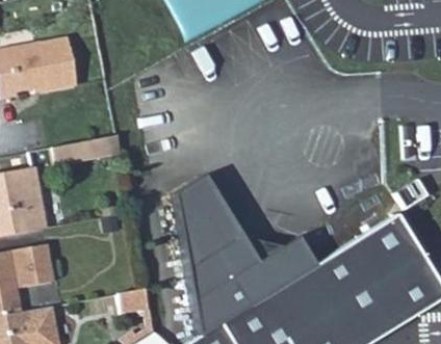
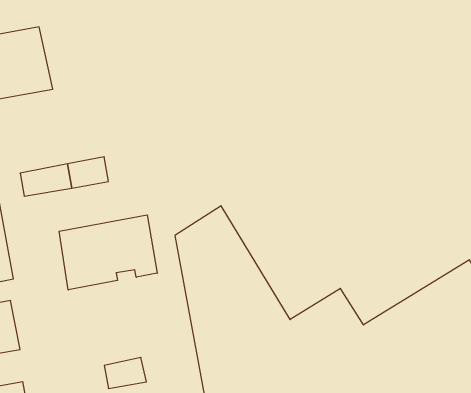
building: none -> [59,215,157,290]

